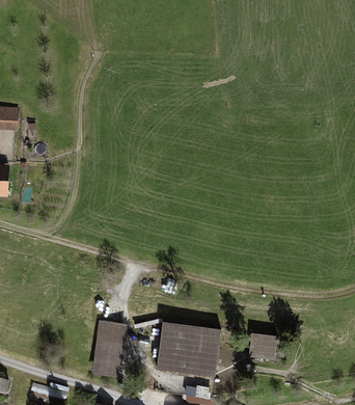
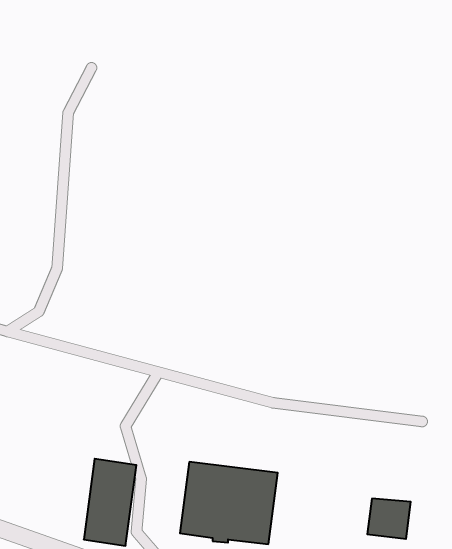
building: [249,333,278,360] -> [367,499,411,539]

